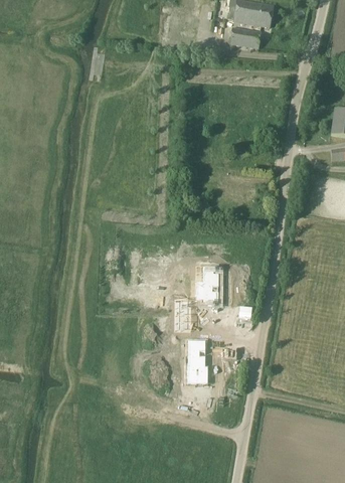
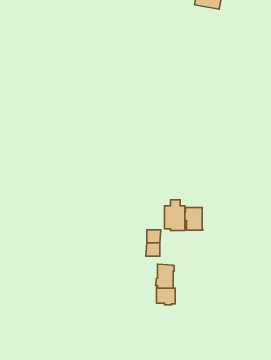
building: none -> [185,208,203,230]

